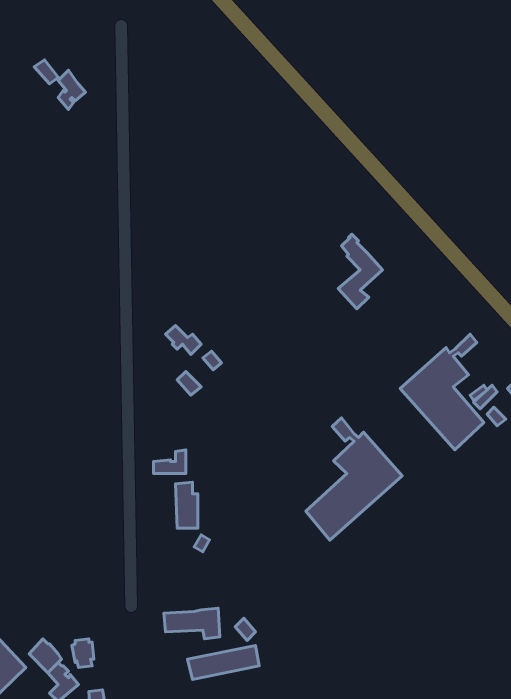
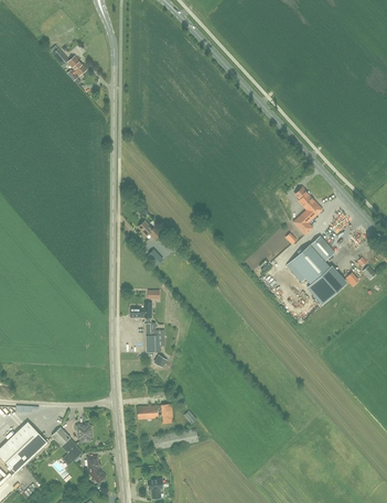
building: [338,234,382,309] -> [293,186,322,234]
building: [306,418,402,540] -> none

